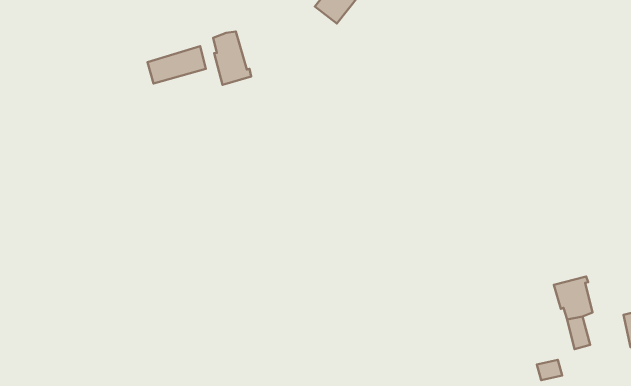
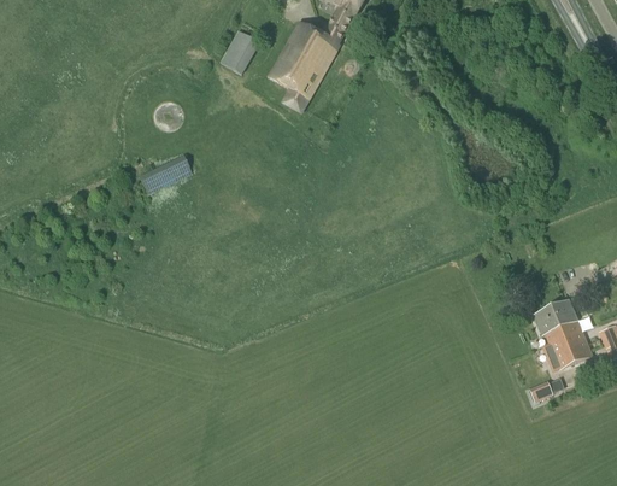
building: [213,32,251,85] -> none
building: none -> [560,298,592,362]

